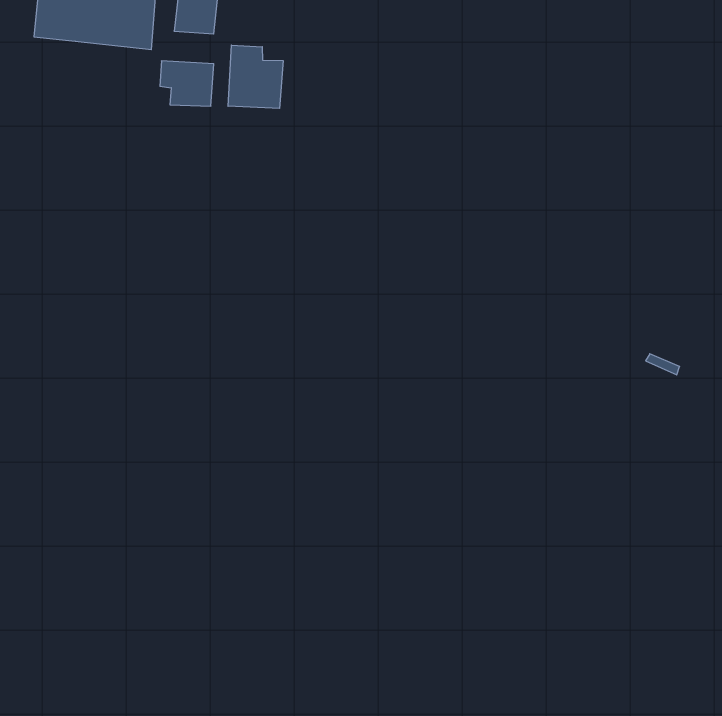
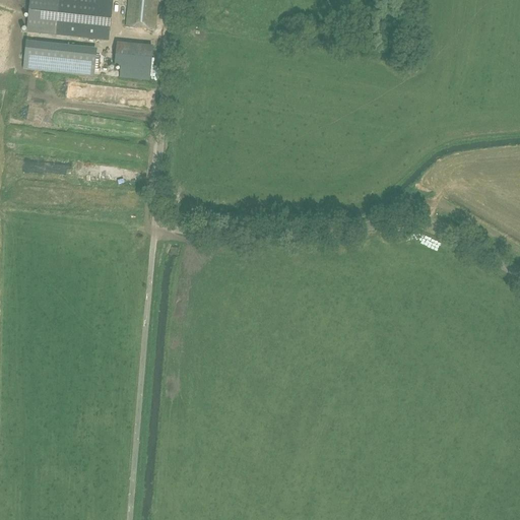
building: [228,45,283,108] -> none
building: none -> [21,41,96,71]

